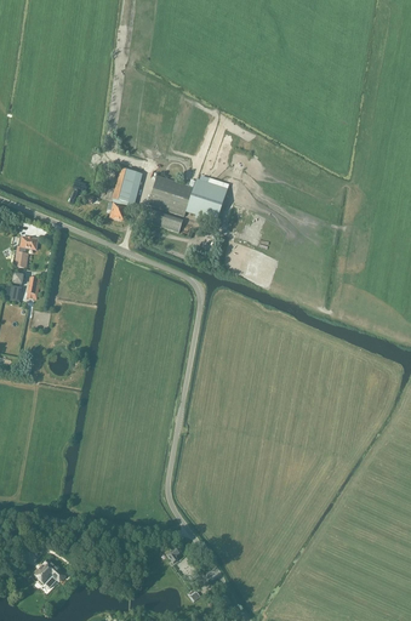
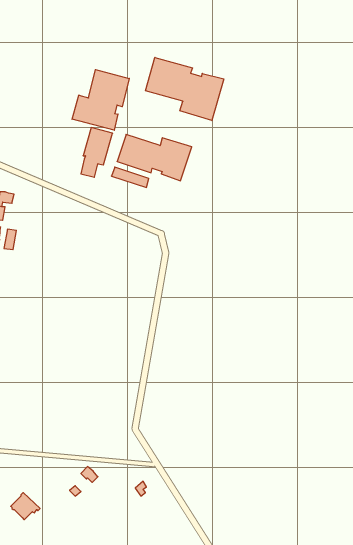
building: none -> [145,57,224,121]
building: none -> [72,70,129,130]

